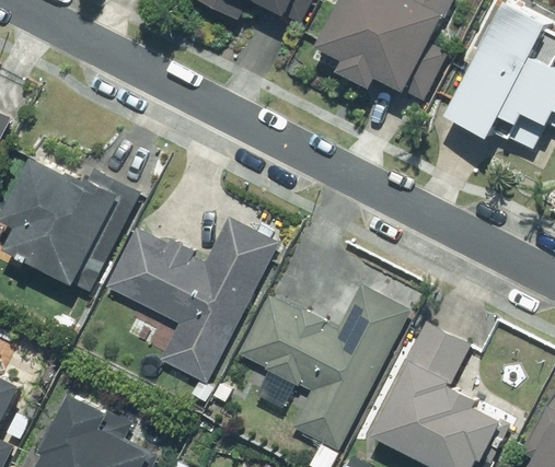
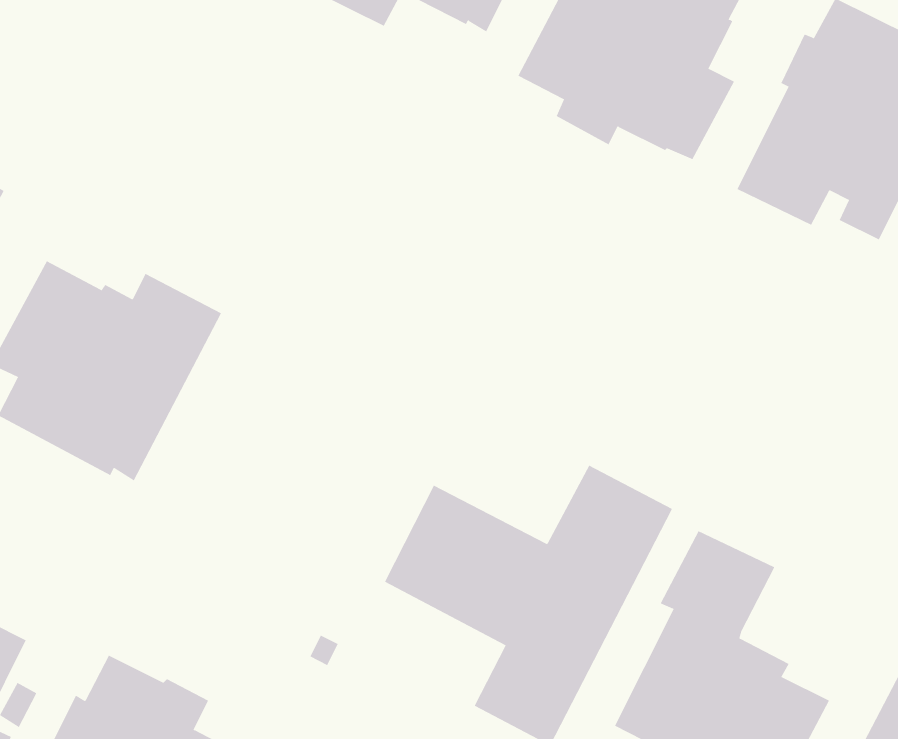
building: [105,217,277,384] -> none

